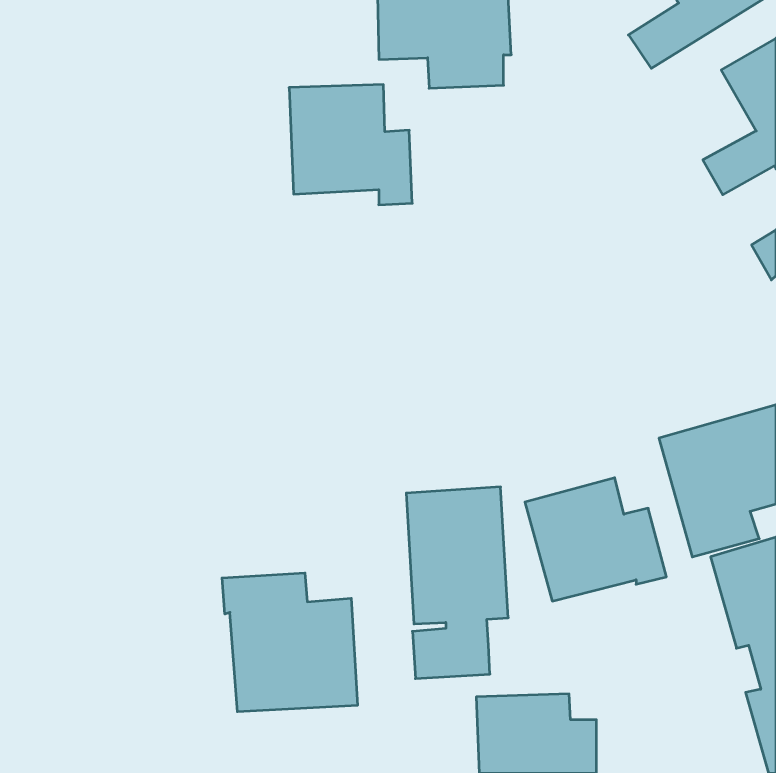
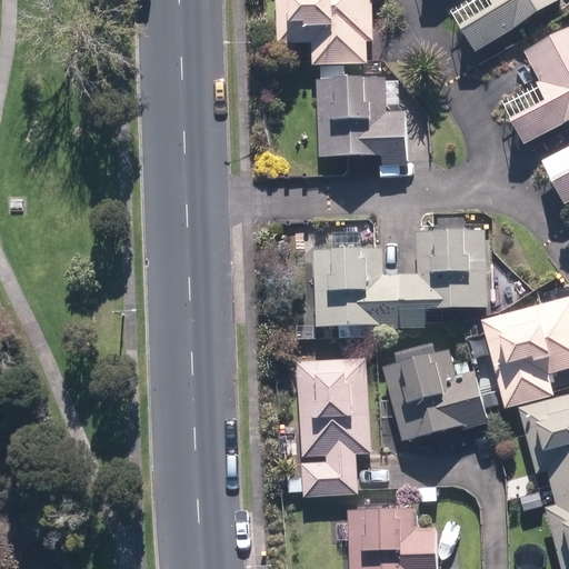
building: [289,85,412,205] -> [317,77,407,164]
building: none -> [313,230,487,328]
building: [222,573,357,712] -> none

